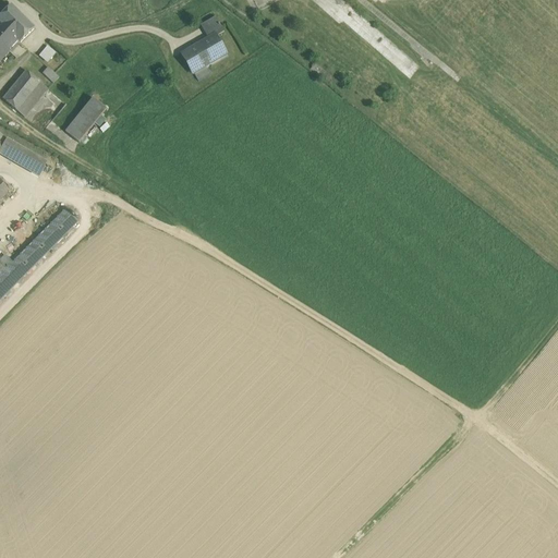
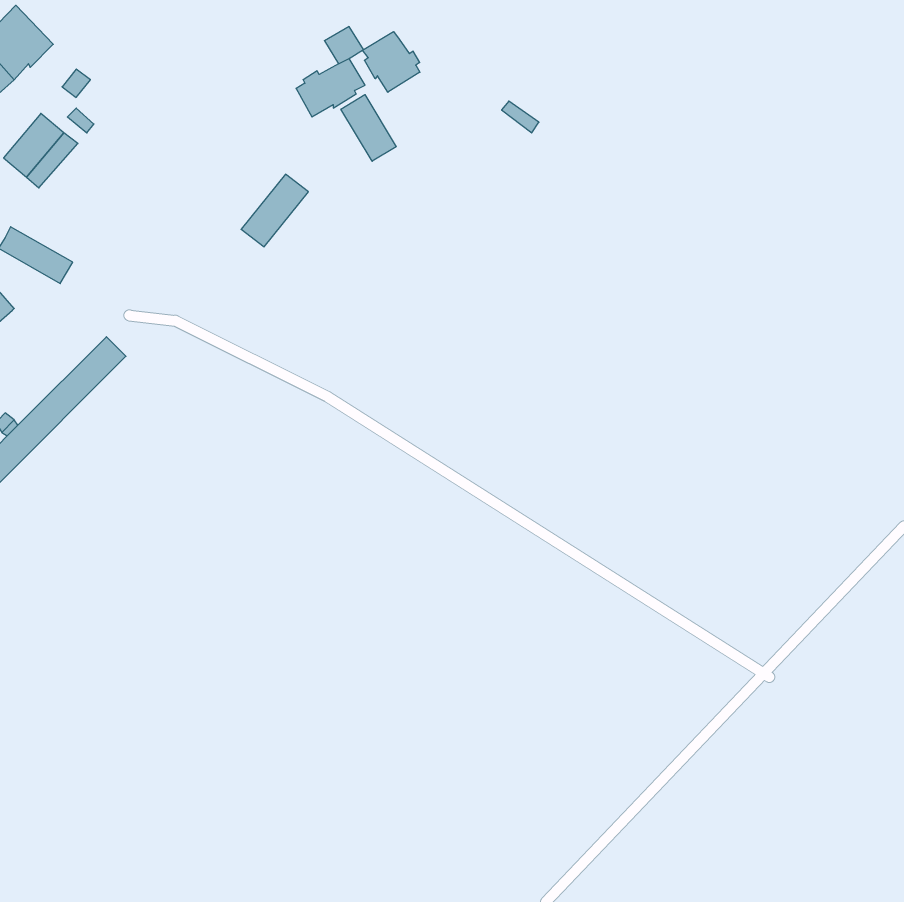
building: none -> [363,32,420,92]
building: none -> [341,95,396,161]
building: [64,97,106,142] -> [241,174,308,247]

